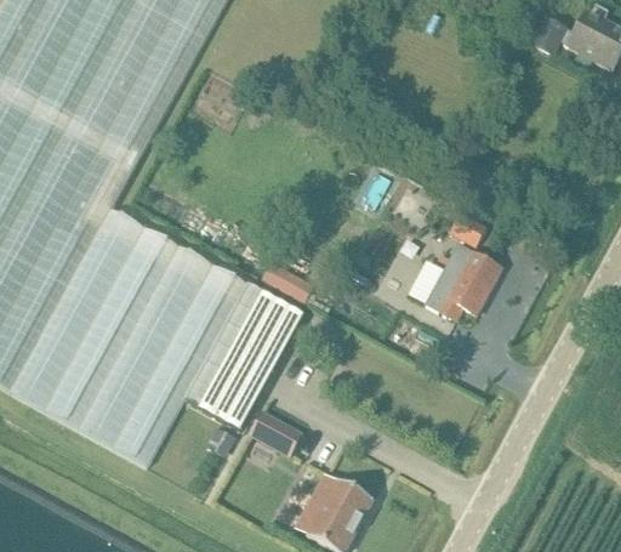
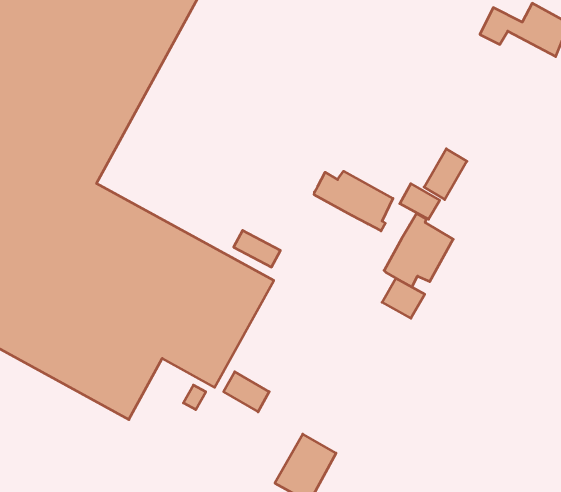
building: none -> [424,149,467,200]
building: none -> [314,171,393,231]
building: none -> [382,278,425,318]

